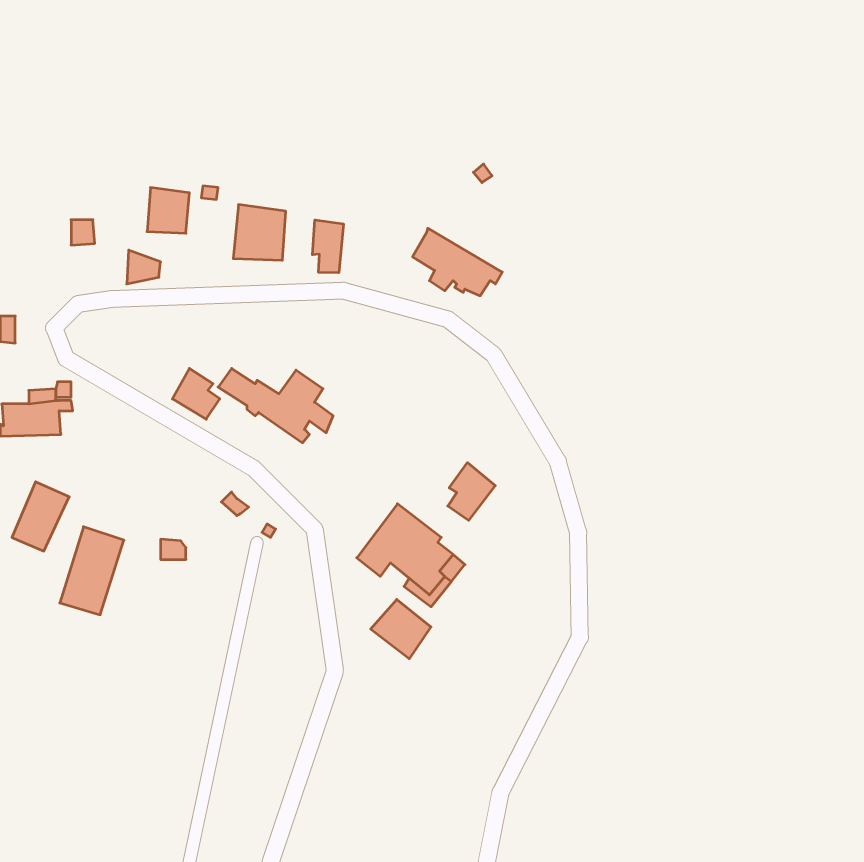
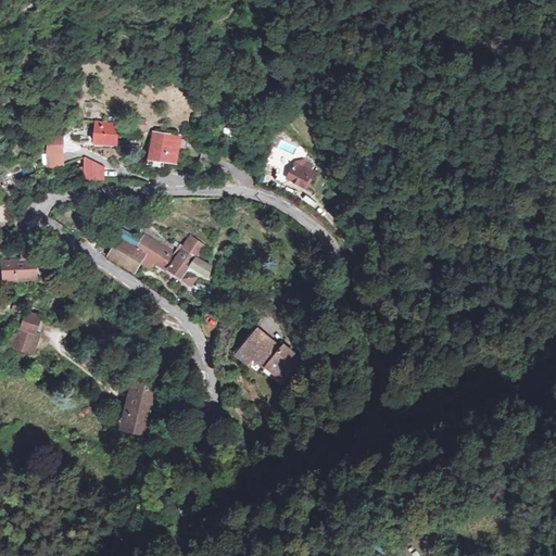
building: [312,220,343,273] -> none
building: [448,463,495,520] -> none
building: [60,527,124,615] -> [112,380,153,437]
building: [371,599,431,659] -> none

